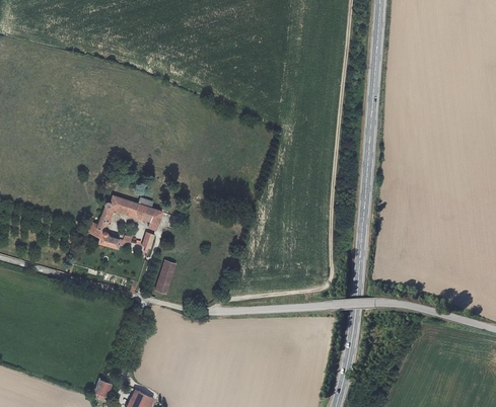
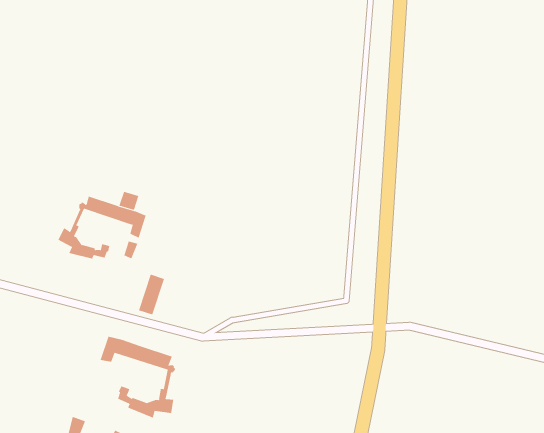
building: none -> [100,336,176,418]

